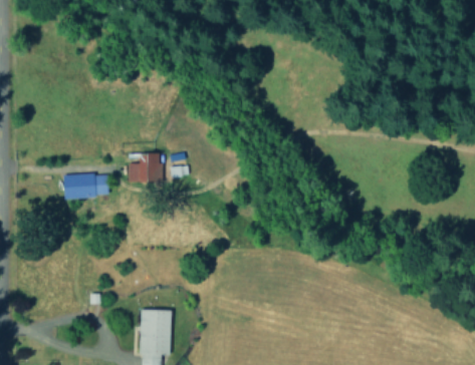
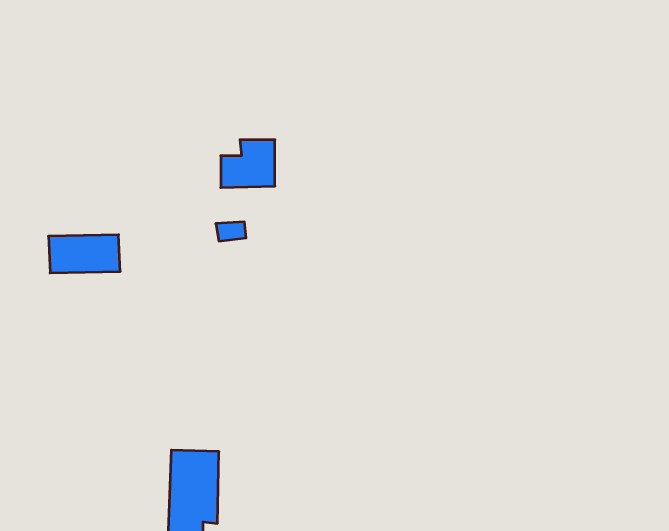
building: [128,152,162,182] -> [221,140,275,188]

